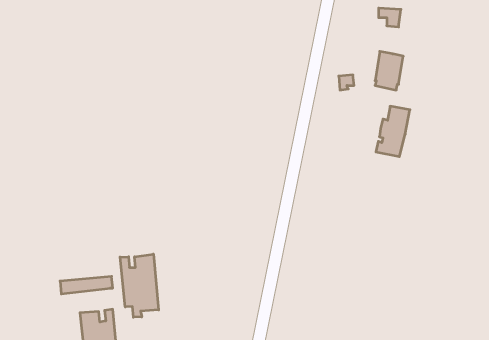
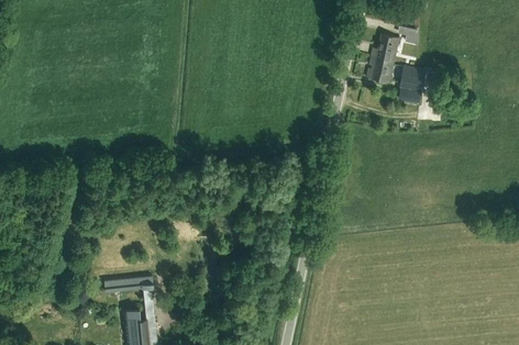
building: [376,106,410,157] -> [367,34,399,81]
building: [120,254,159,317] -> none

